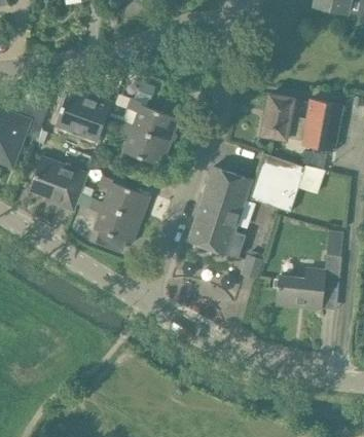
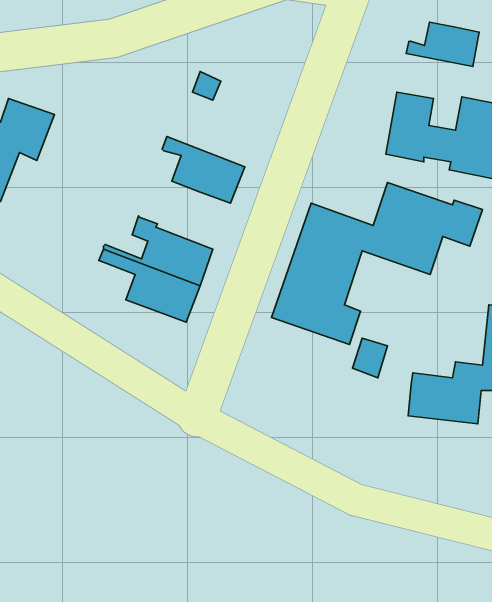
building: none -> [406,22,479,66]
building: [56,92,110,140] -> none
building: [119,99,179,143] -> none
building: [30,157,86,211] -> none

